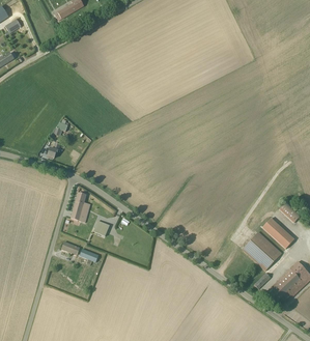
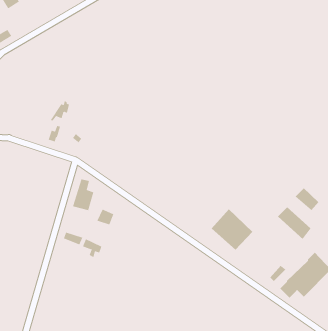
building: [242,231,281,271] -> [211,209,253,251]

